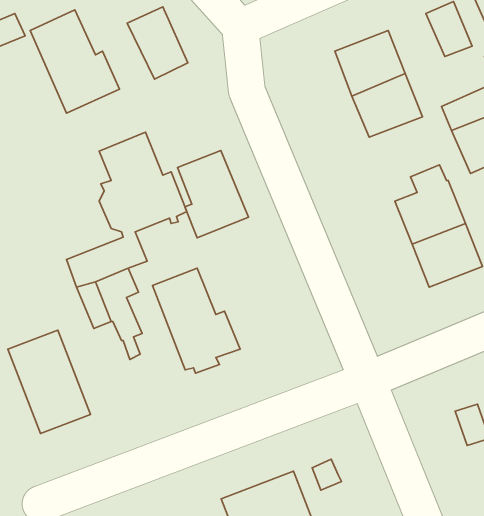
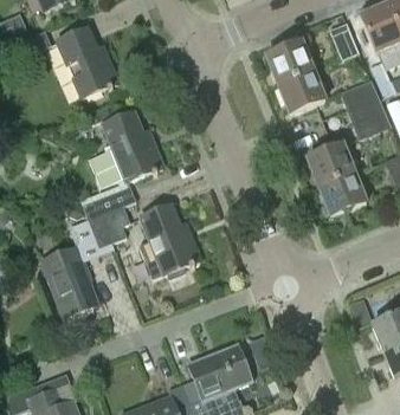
building: [127,7,188,79] -> none
building: [178,151,248,238] -> none

